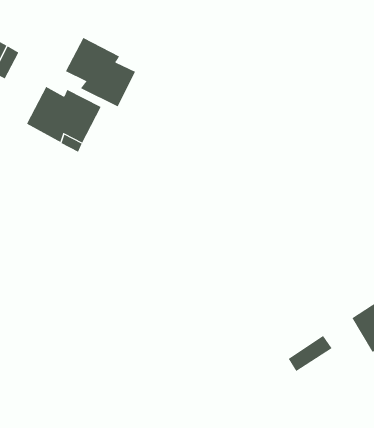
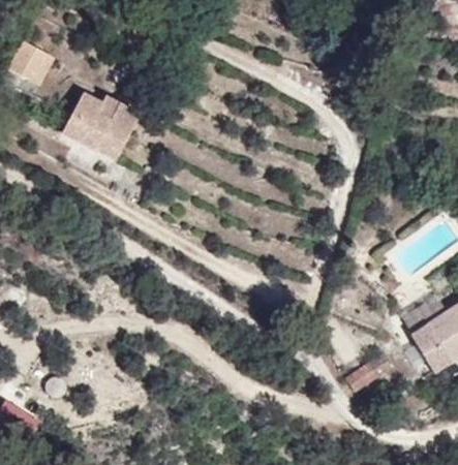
building: [65,37,136,107] -> none

